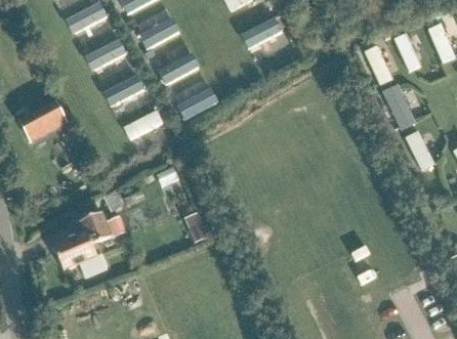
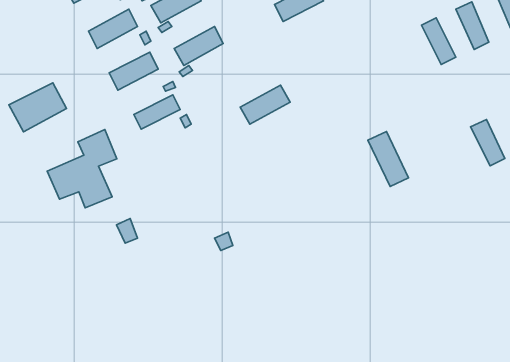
building: [381,84,415,130] -> [368,131,408,187]
building: [175,87,217,120] -> [240,85,290,124]
building: [52,211,111,277] -> [47,129,117,208]

